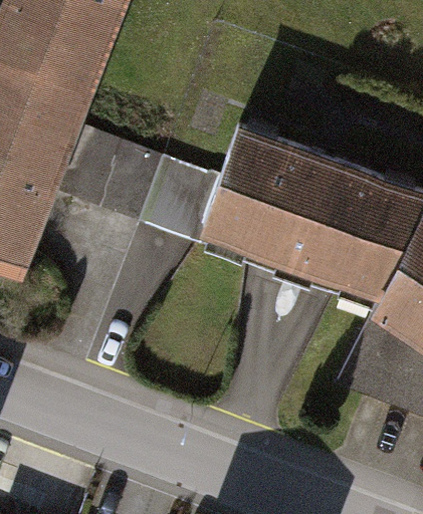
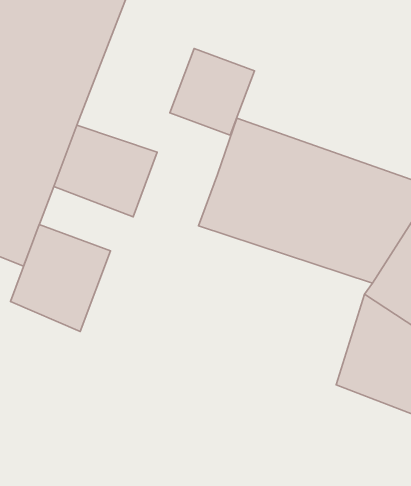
building: [139,160,223,246] -> [170,49,254,135]
building: none -> [11,225,110,331]

